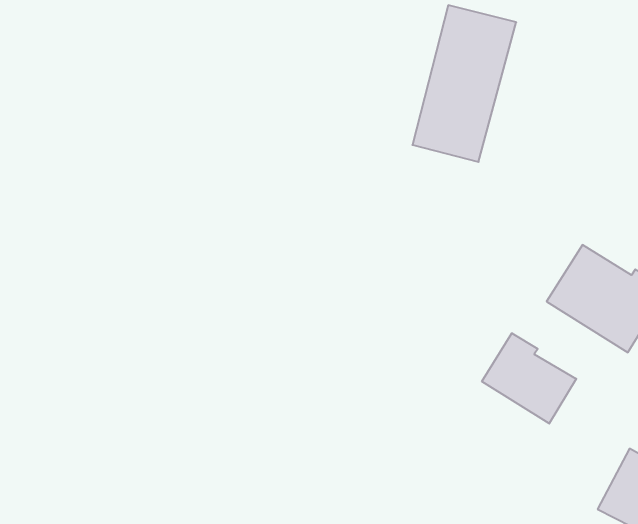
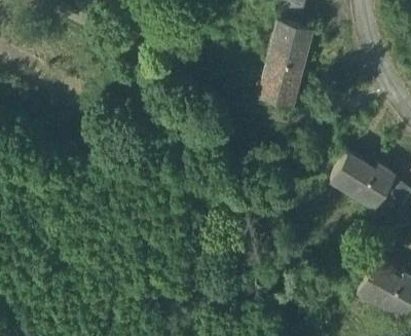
building: [482,333,576,424] -> none

